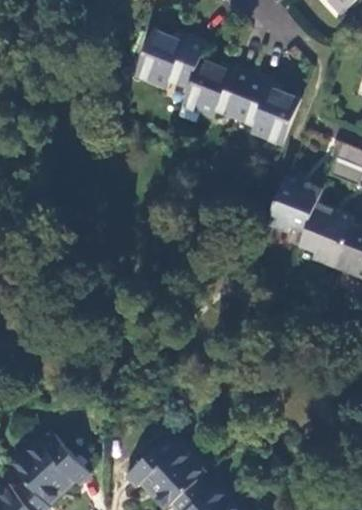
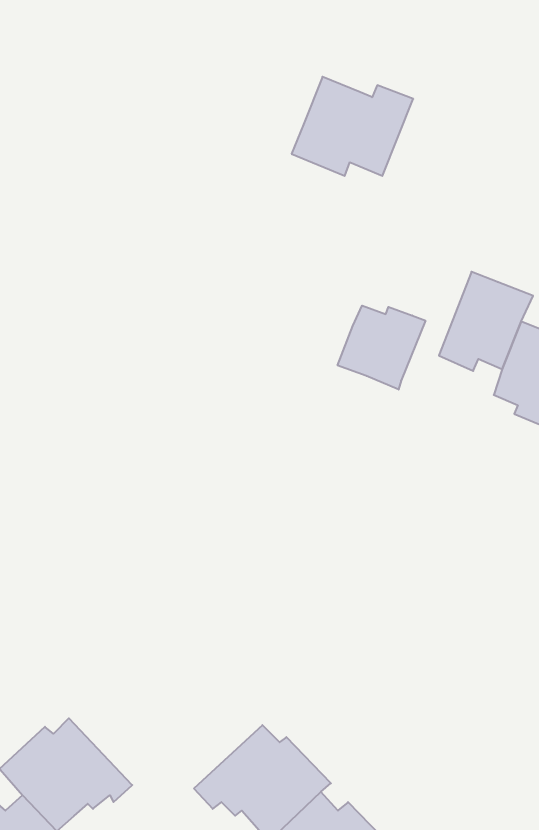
building: [136,31,206,88] -> none
building: [235,73,301,144] -> none
building: none -> [338,306,425,390]

